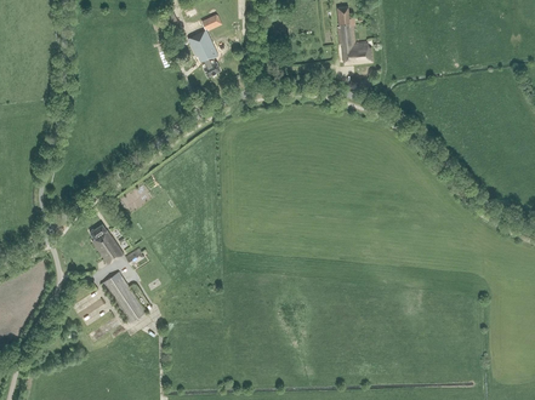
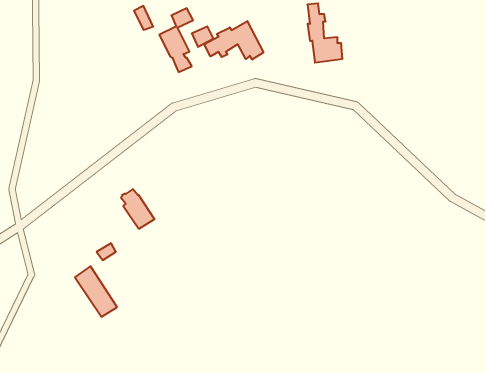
building: none -> [204,21,263,60]
building: [89,222,123,262] -> [121,189,155,229]

